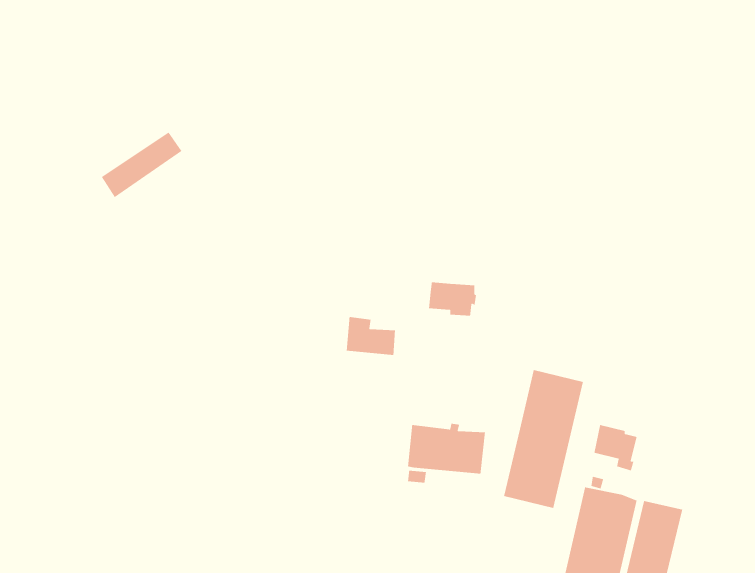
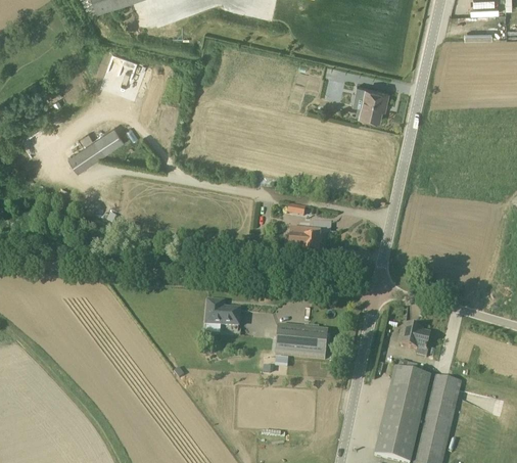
building: none -> [360,87,389,119]
building: [346,316,396,356] -> [207,299,241,326]
building: [503,369,584,509] -> none

